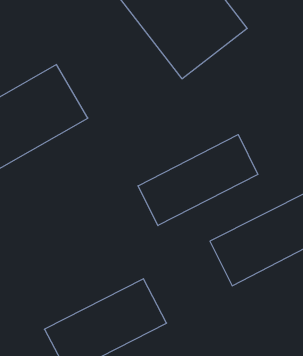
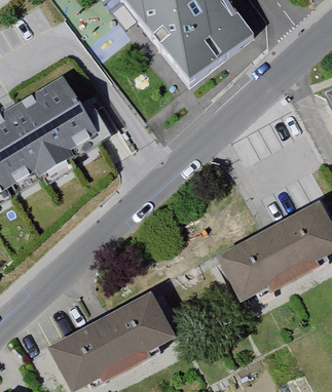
building: [138,135,258,226] -> none

